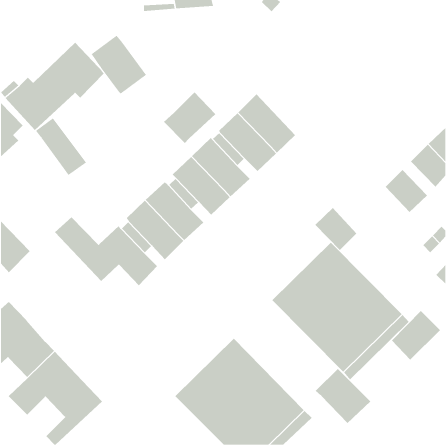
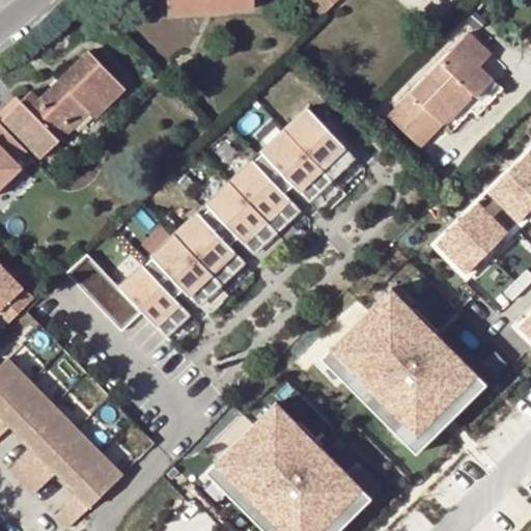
building: none -> [389,32,493,145]
building: [91,35,147,94] -> none
building: [163,91,216,144] -> none
building: [35,118,87,176] -> none
building: [315,207,357,251] -> [436,222,486,274]
building: [391,310,441,361] -> none
building: [315,368,371,424] -> none

